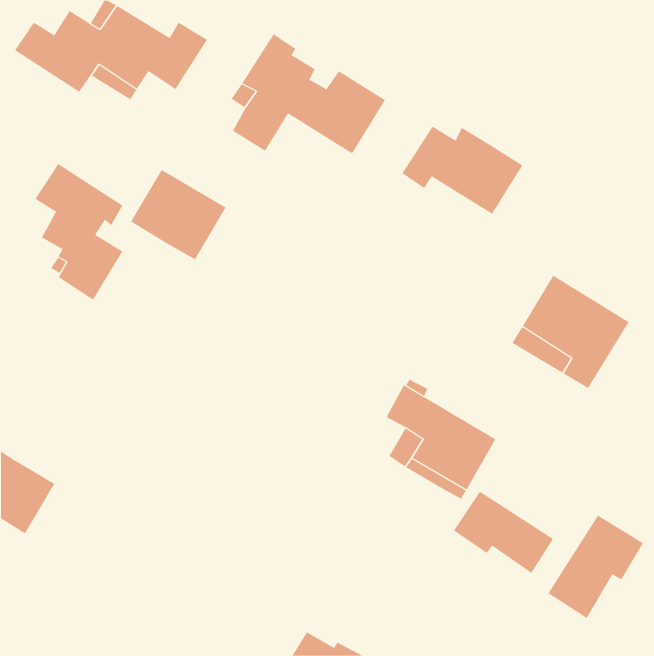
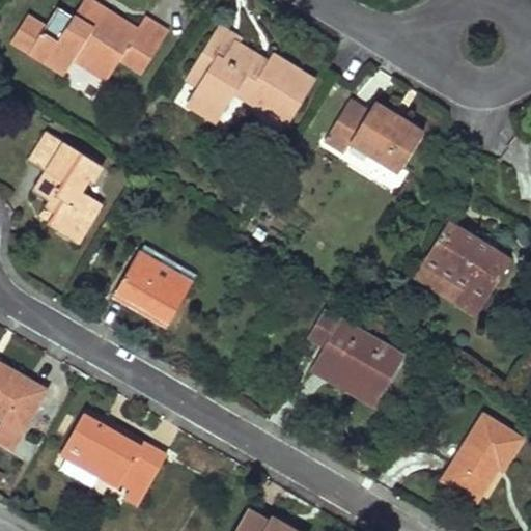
building: [130,169,226,260] -> [115,251,193,325]
building: [453,491,554,574] -> none
building: none -> [61,411,167,505]

